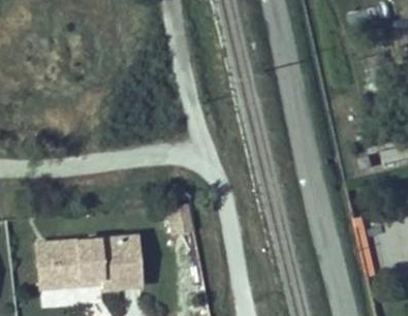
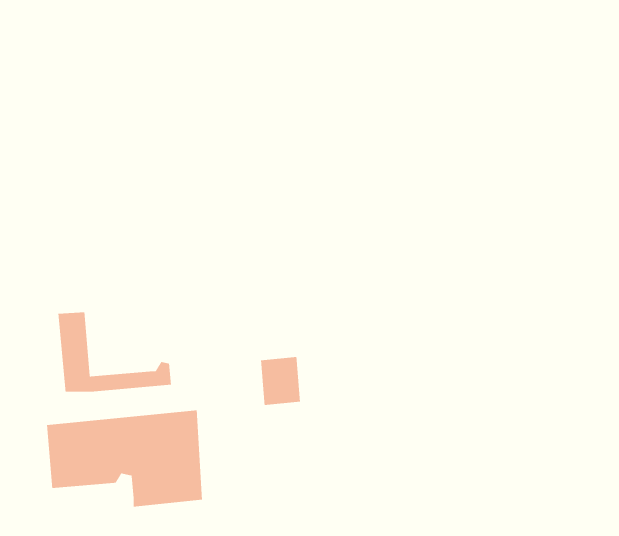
building: [35,243,99,288] -> [57,311,172,393]

